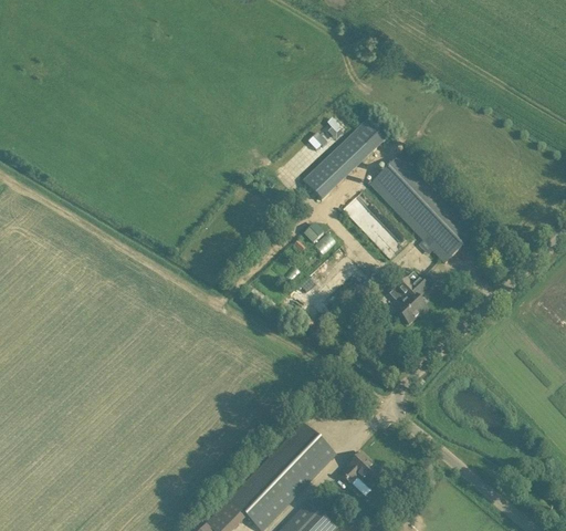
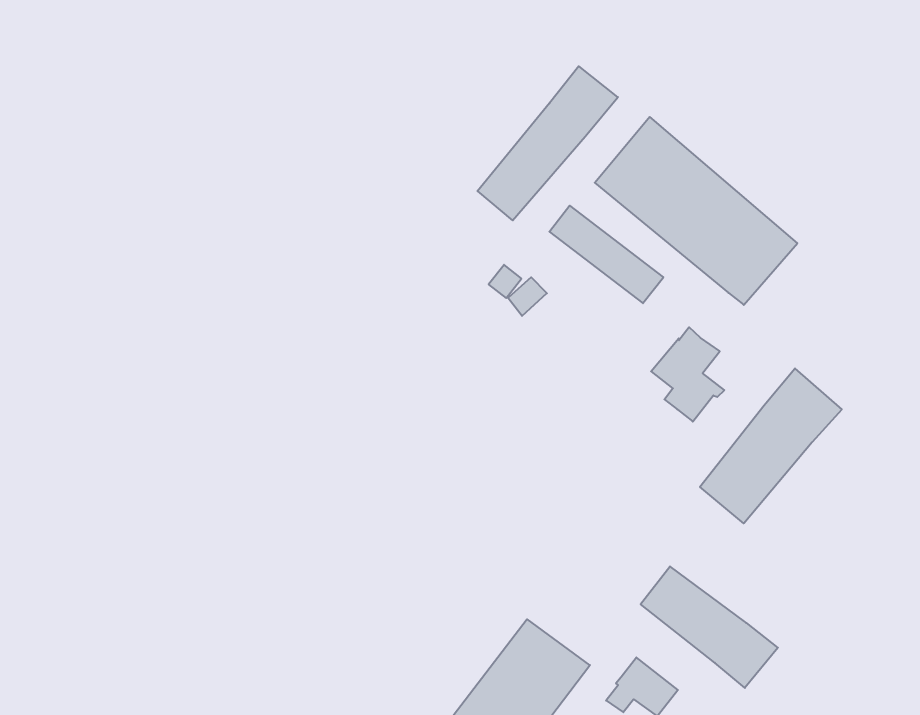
building: none -> [700,368,842,523]
building: none -> [641,566,778,688]

